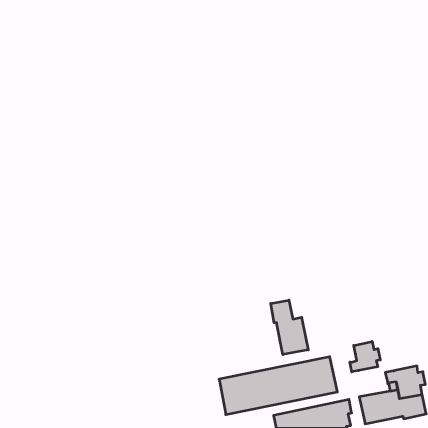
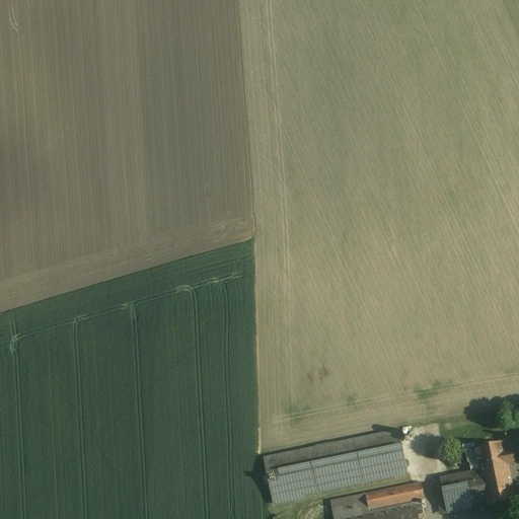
building: [271,300,308,355] -> none
building: [350,341,380,372] -> none

